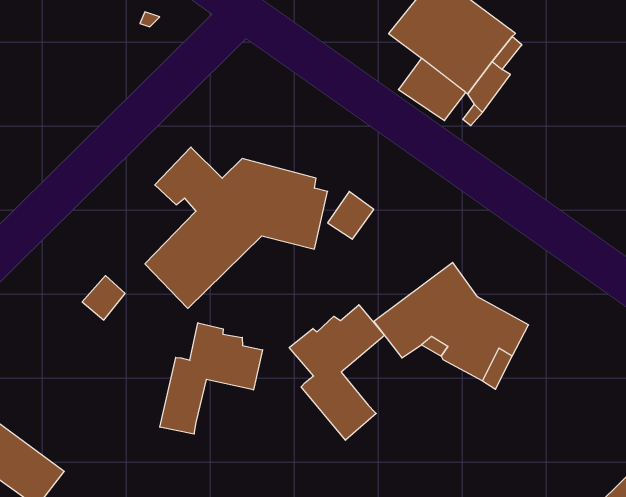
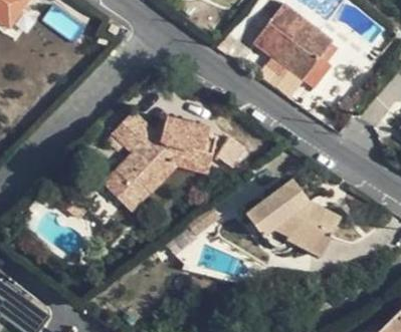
building: [289,305,384,440] -> none
building: [160,323,263,434] -> none

